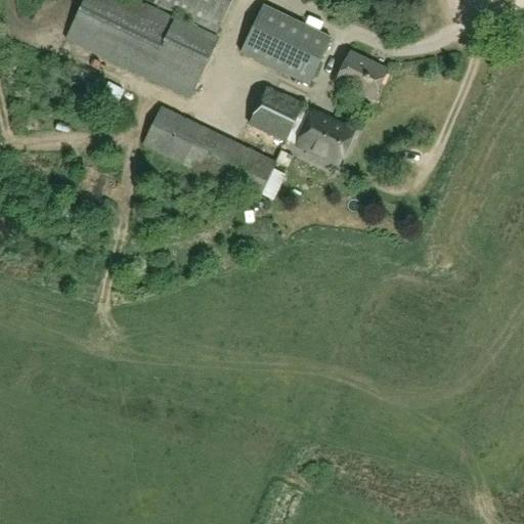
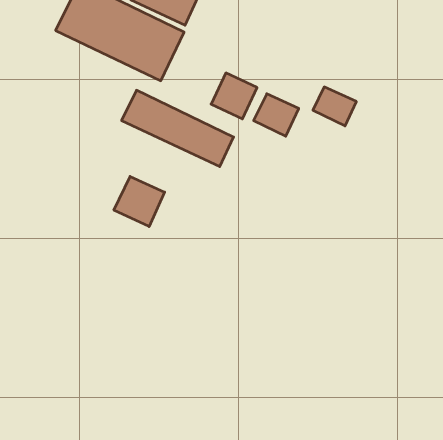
building: [241,4,331,84] -> none
building: [337,50,388,96] -> [313,87,356,126]
building: none -> [114,176,165,227]

